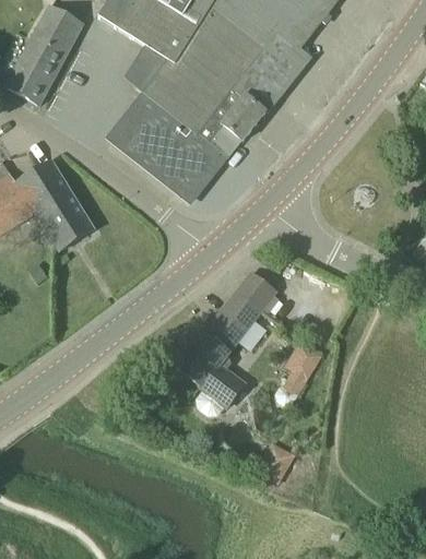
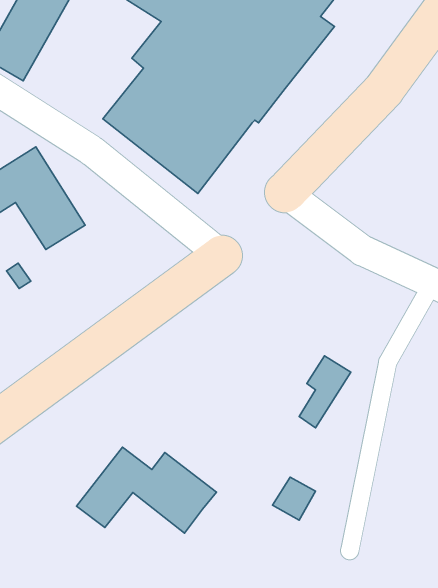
building: [176,272,275,405] -> none
building: none -> [77,447,217,533]

